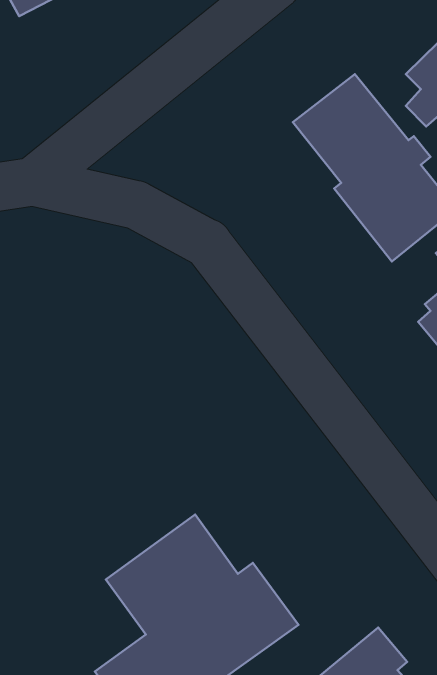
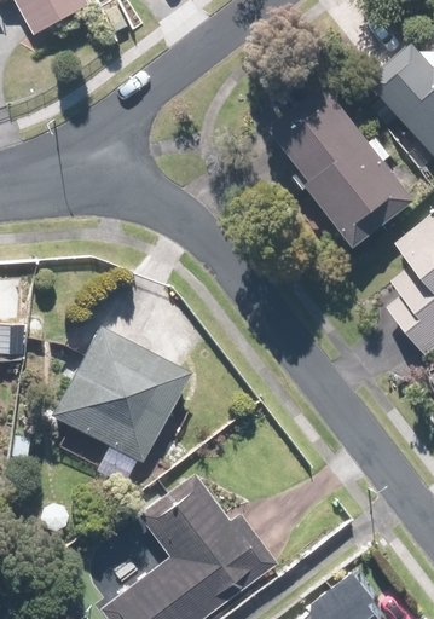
building: none -> [47,320,190,464]

